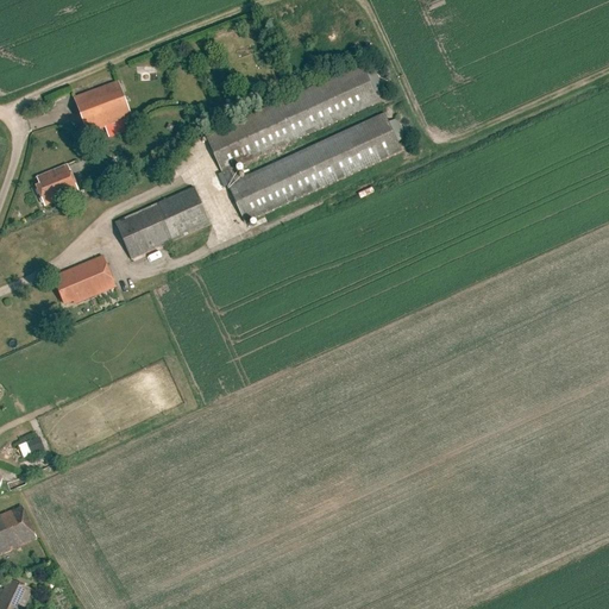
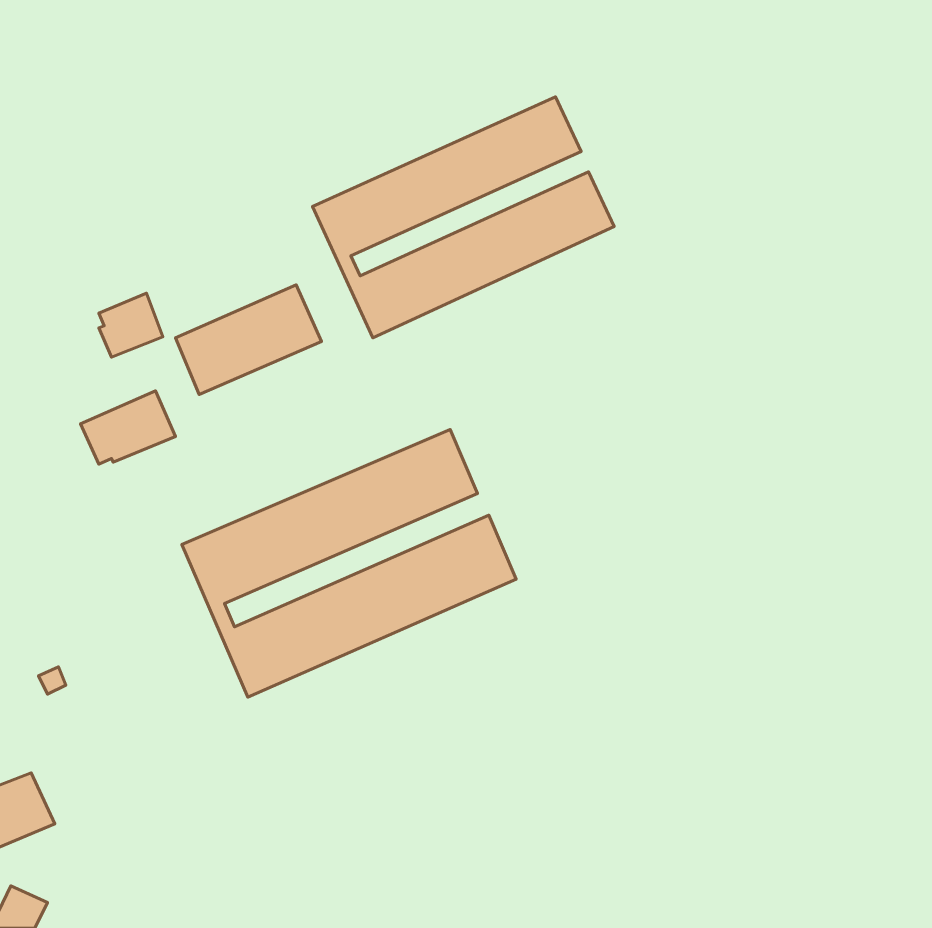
building: [73,79,134,134] -> none
building: [36,162,77,203] -> [99,293,163,357]
building: none -> [182,429,516,697]

